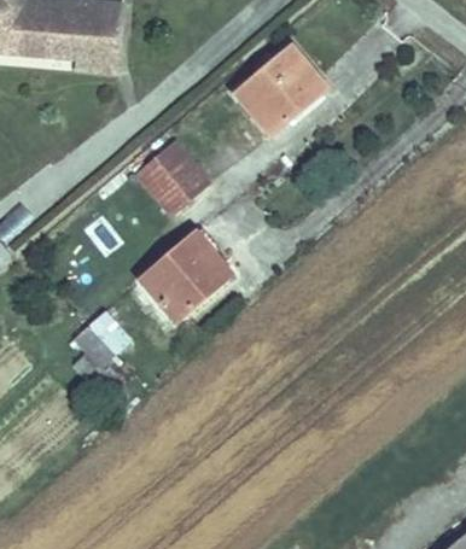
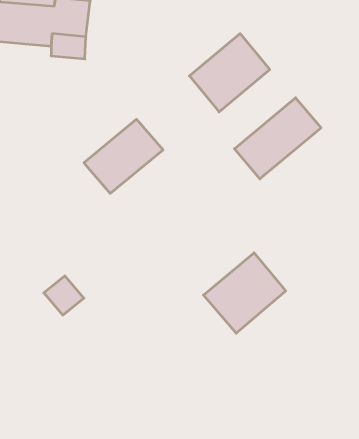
building: none -> [234,98,321,179]
building: [139,232,233,323] -> [203,253,286,333]

